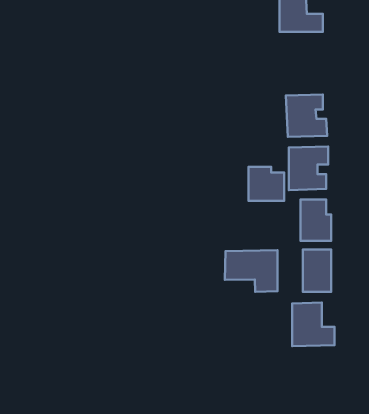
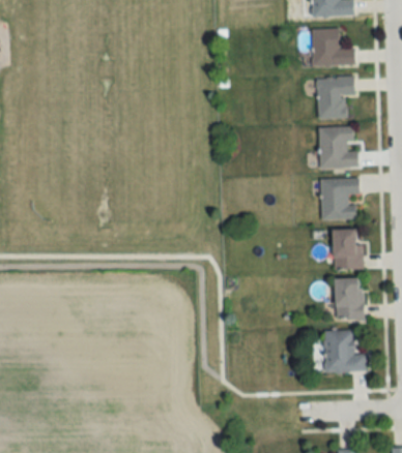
building: none -> [317,77,355,119]
building: [248,167,284,201] -> none
building: [225,250,277,292] -> none

